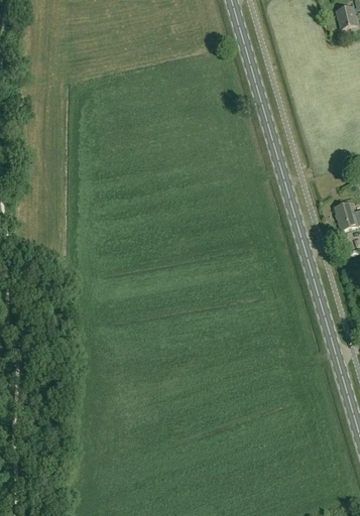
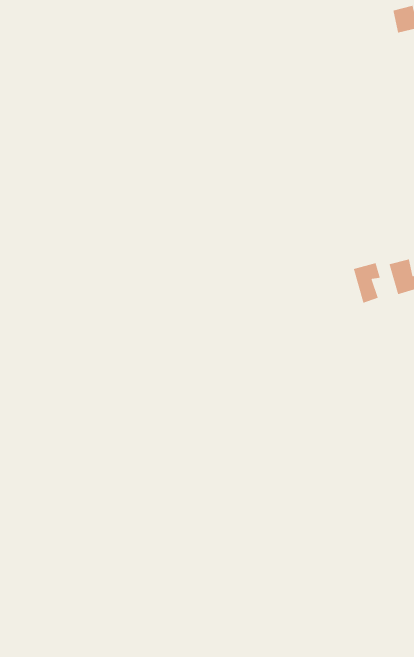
building: none -> [353,262,381,304]

